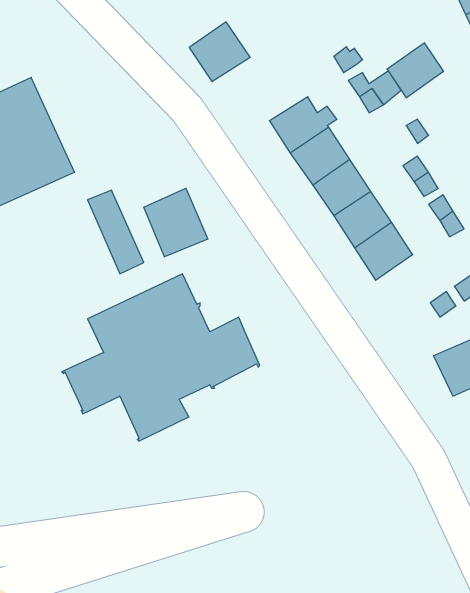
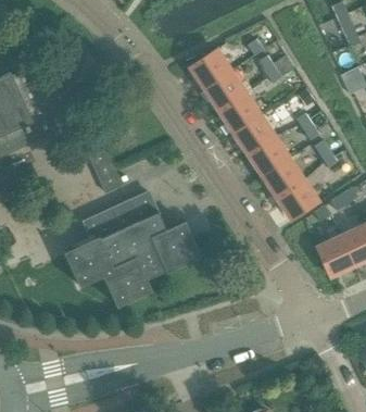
building: [189,22,250,81] -> [190,48,231,88]
building: [387,43,443,98] -> none
building: [144,188,208,257] -> none
building: none -> [277,178,317,219]

